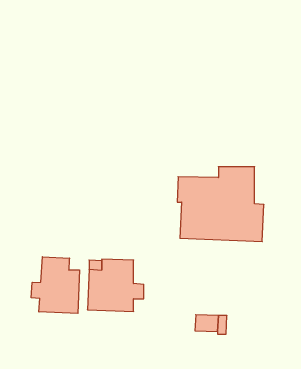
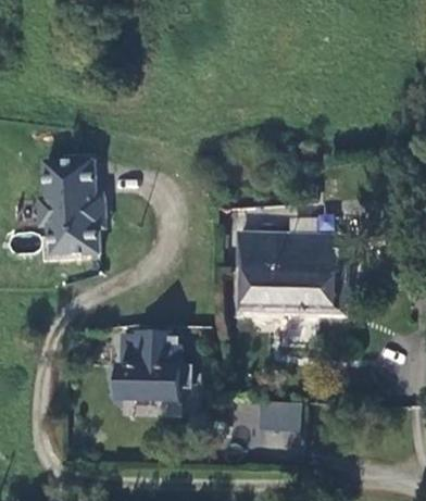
building: none -> [35,152,106,263]
building: [31,257,79,313] -> none

